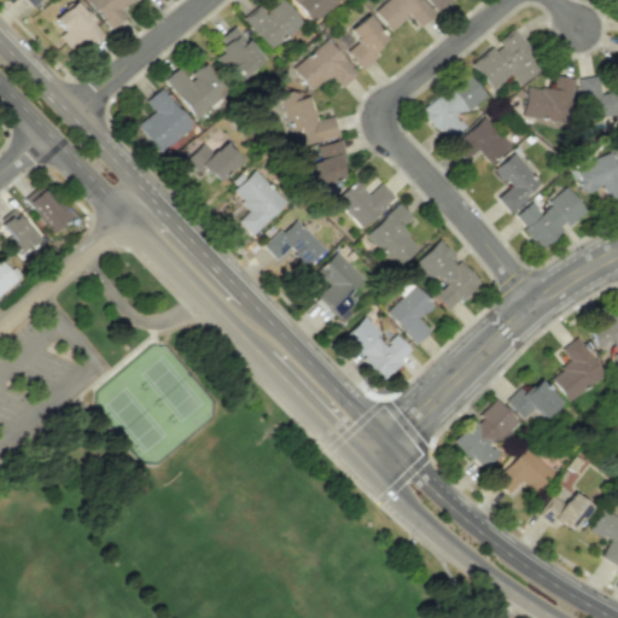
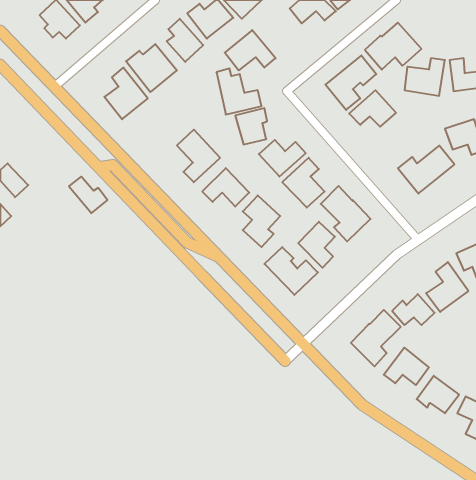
building: [349,13,391,69] -> none
building: [187,142,243,182] -> none
building: [497,152,544,211] -> none
building: [27,186,76,233] -> [69,177,107,213]

